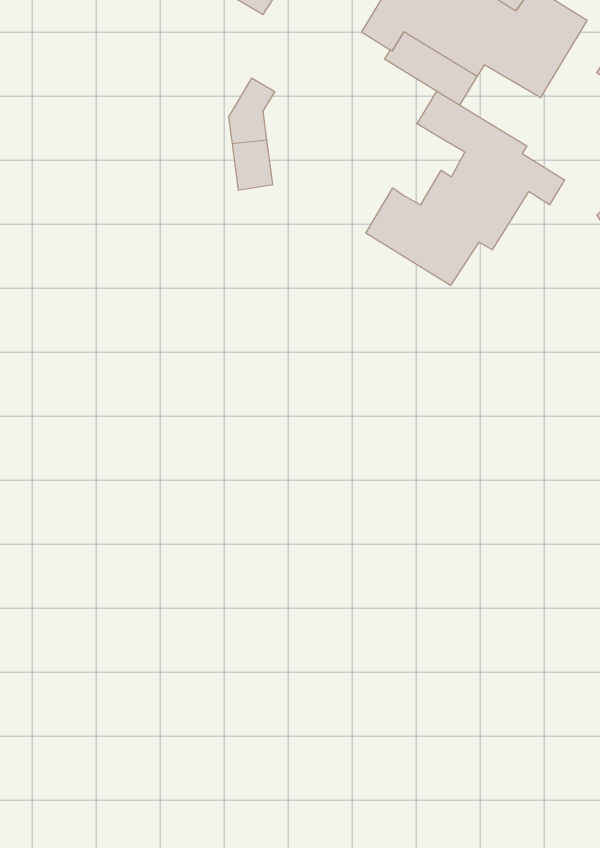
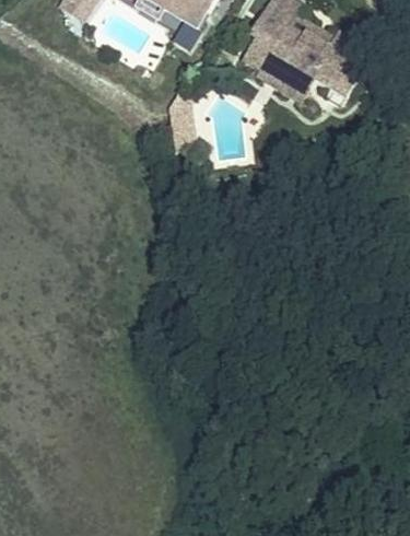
building: [366,91,565,286] -> none

